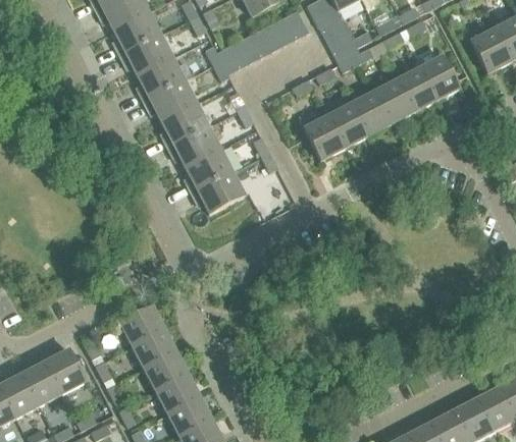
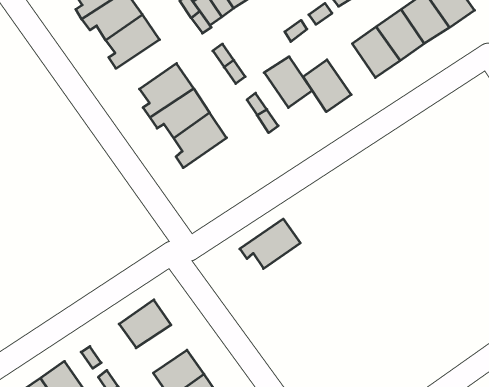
building: [143,80,196,121] -> none
building: [326,104,366,148] -> [264,57,312,108]
building: [191,172,244,213] -> [240,219,300,269]
building: [132,328,175,368] -> none

